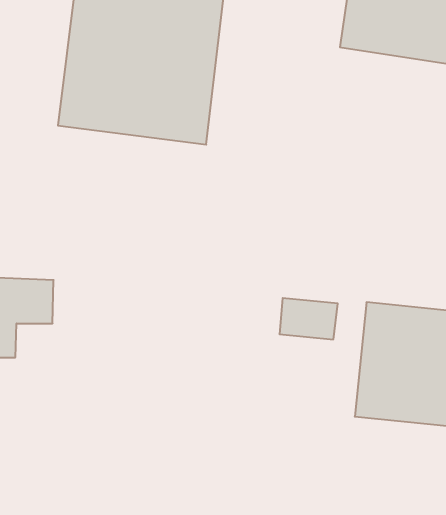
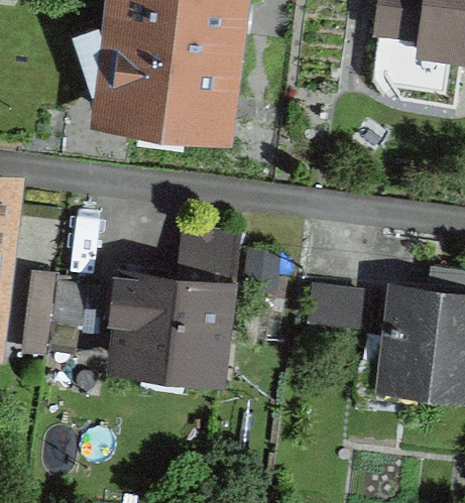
building: none -> [95,240,234,392]

